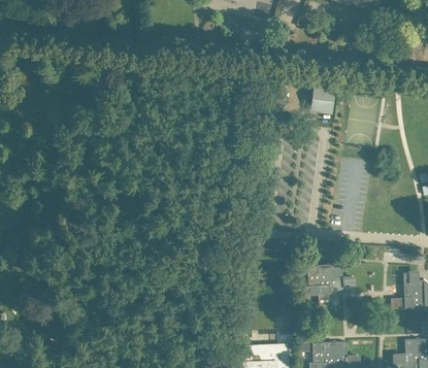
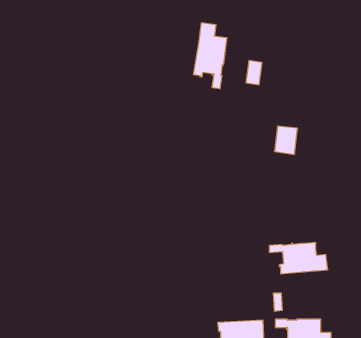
building: none -> [193,23,227,89]
building: [309,85,333,113] -> [274,126,298,154]

